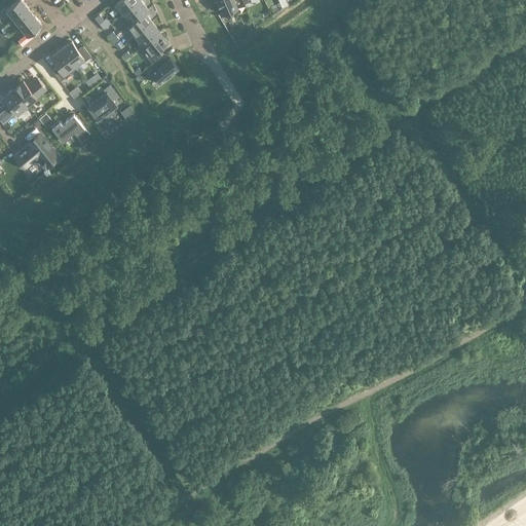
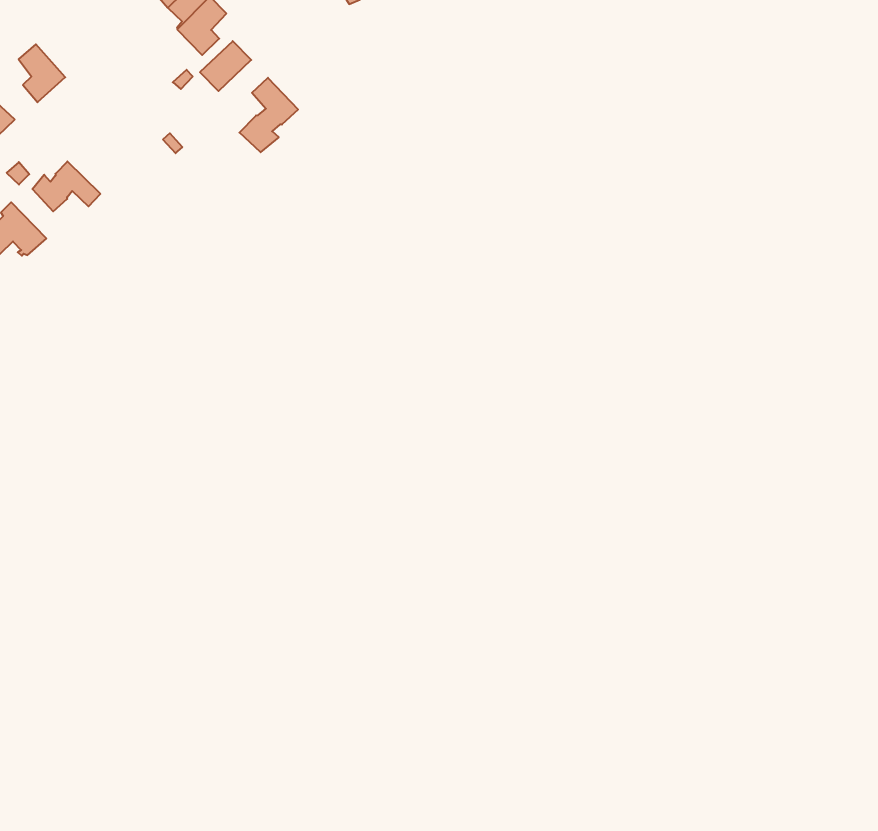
building: [60,42,89,69] -> none
building: none -> [239,78,298,152]
building: [84,85,115,120] -> none

